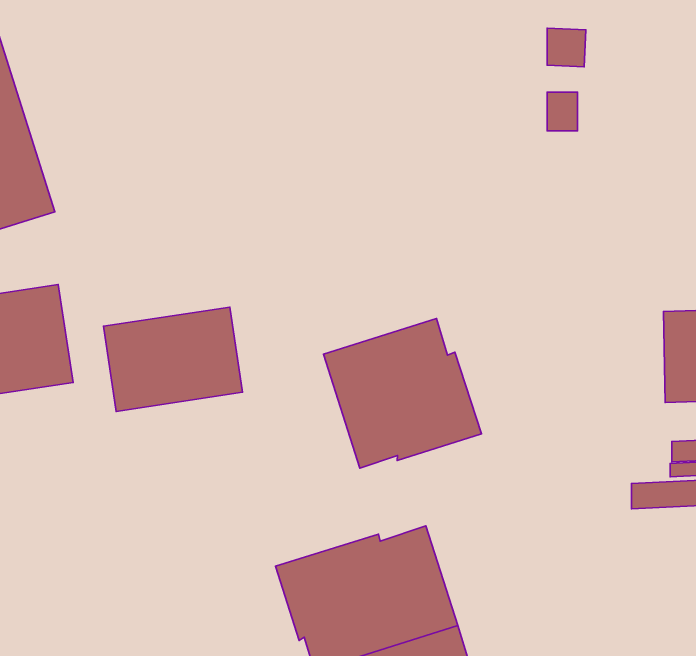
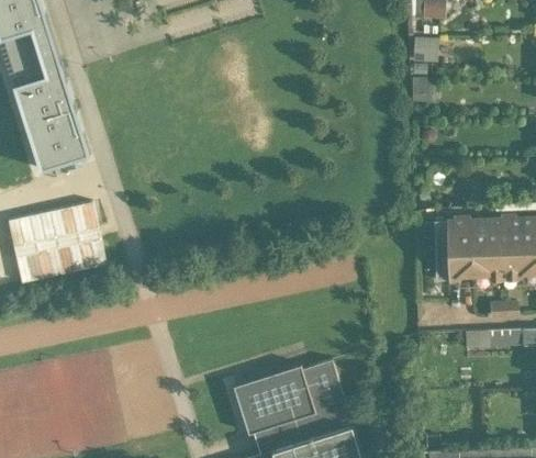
building: [103,307,243,411] -> none
building: none -> [434,221,488,288]
building: [324,318,481,468] -> none

